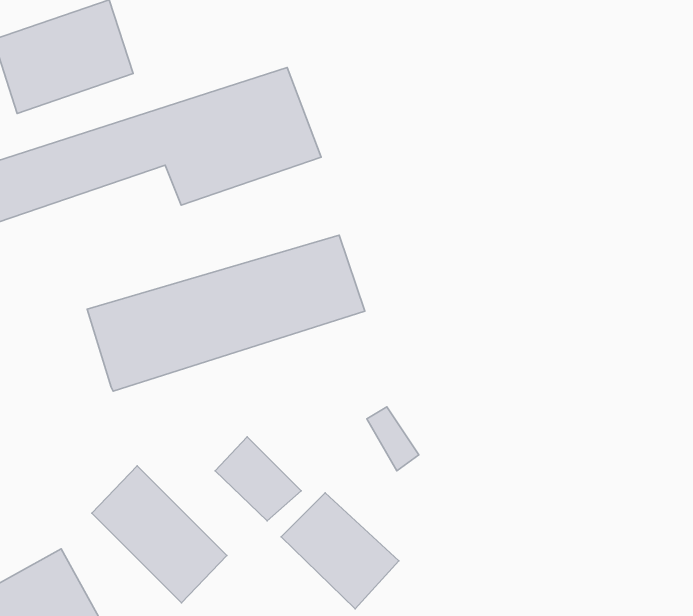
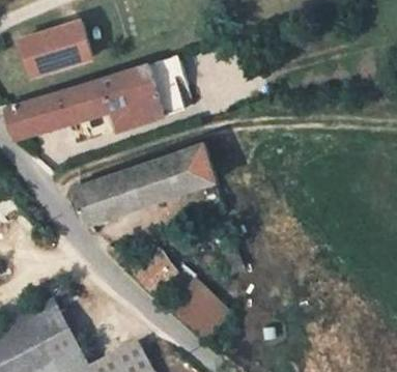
building: [92,466,227,603] -> none

